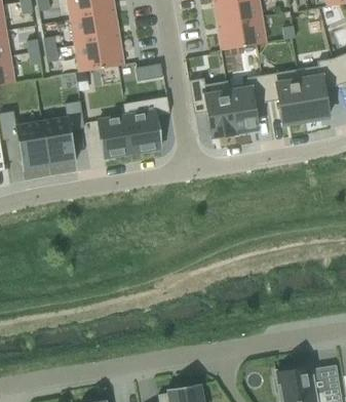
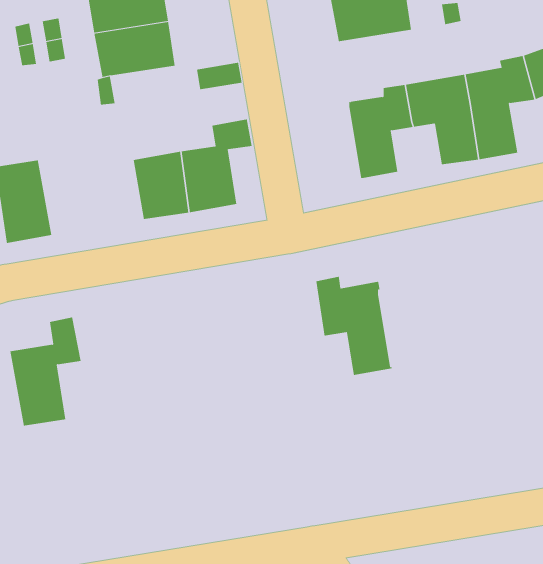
building: [190,78,236,137] -> [315,276,392,375]
building: [42,100,85,166] -> [10,317,82,426]

